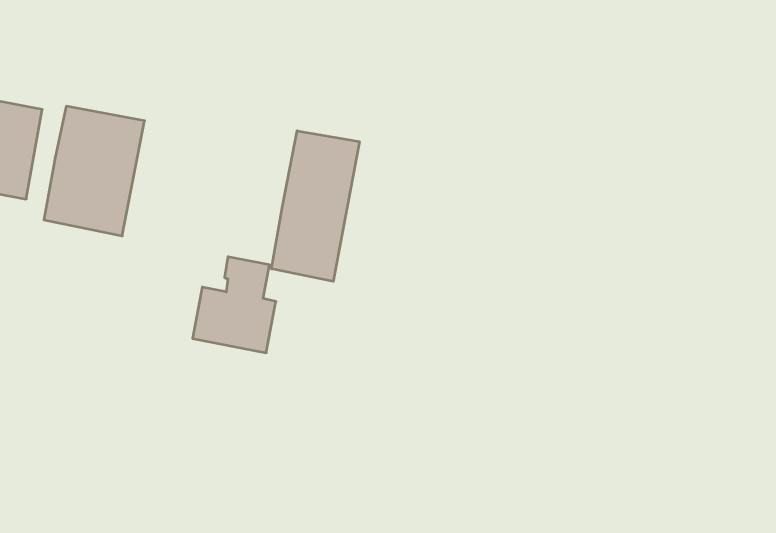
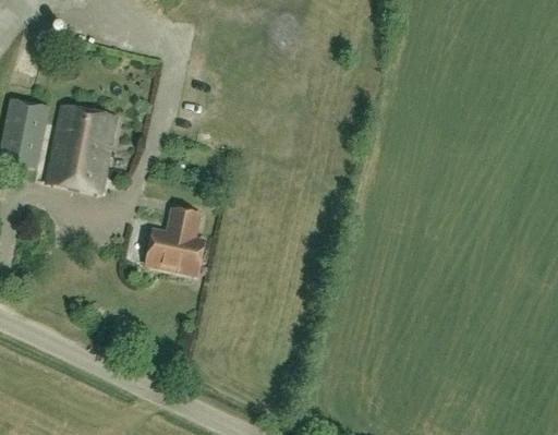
building: [272,131,359,281] -> none

